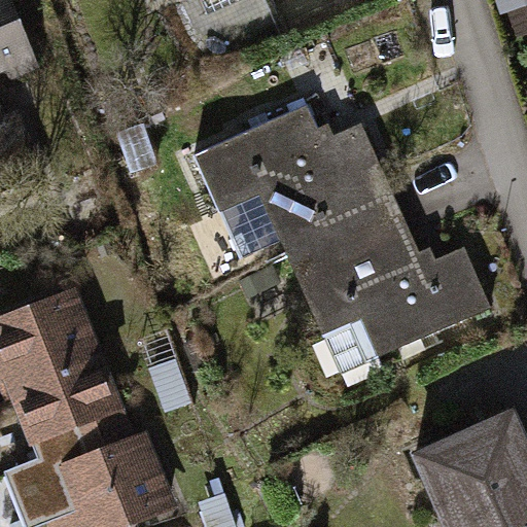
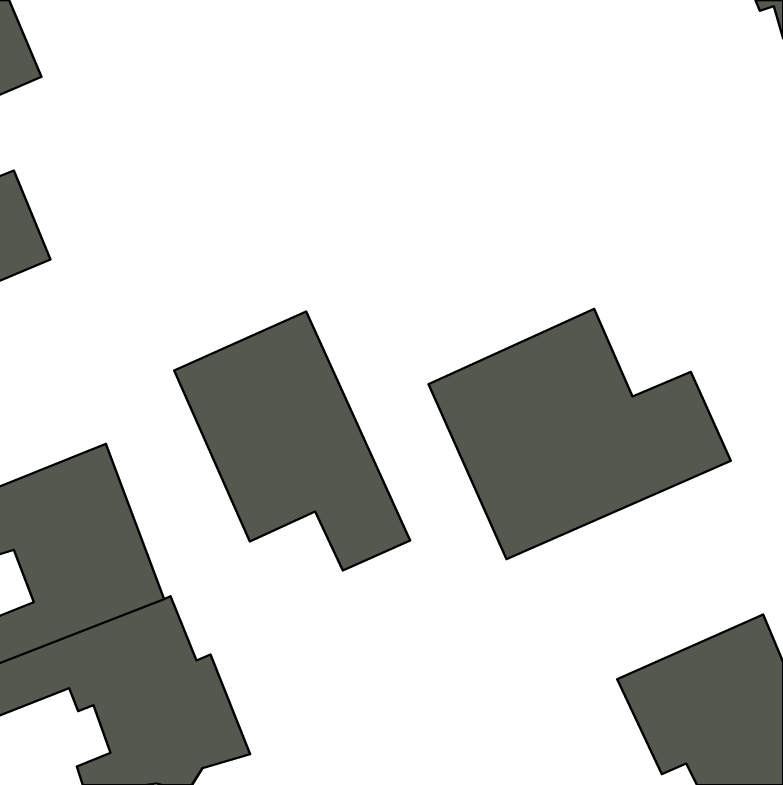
building: [195,107,398,257] -> none
building: none -> [174,311,410,570]

